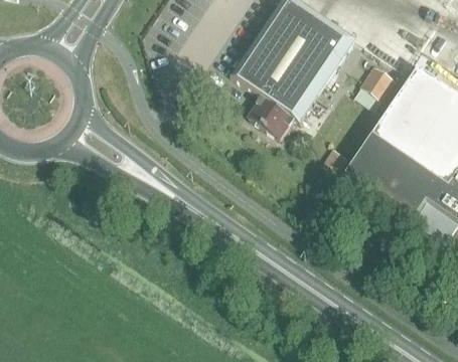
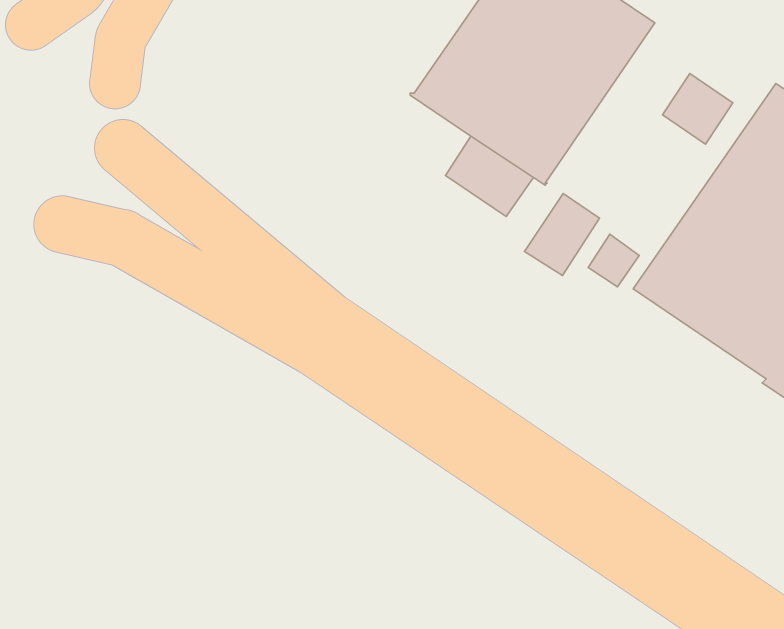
building: none -> [525,194,599,275]

